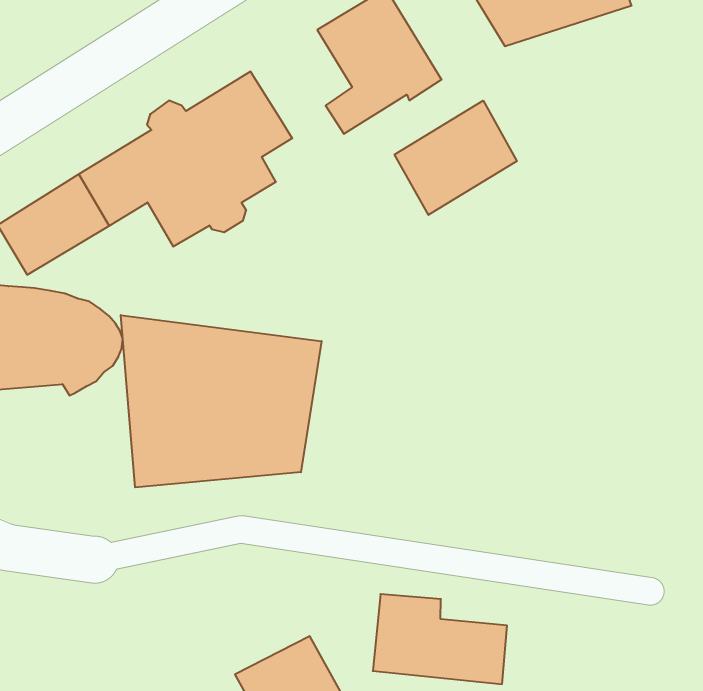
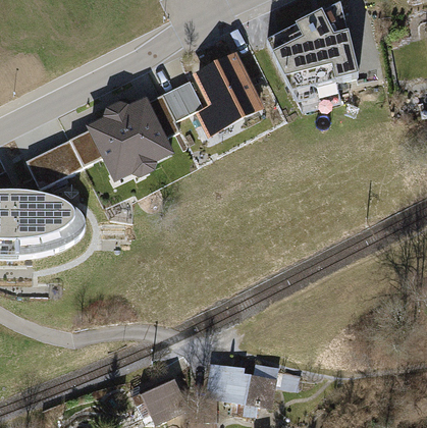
building: none -> [164,76,206,117]
building: [395,101,517,215] -> none
building: [121,315,322,487] -> none

